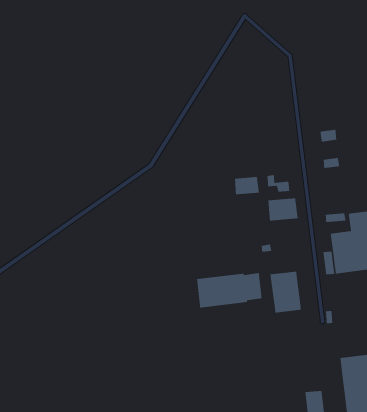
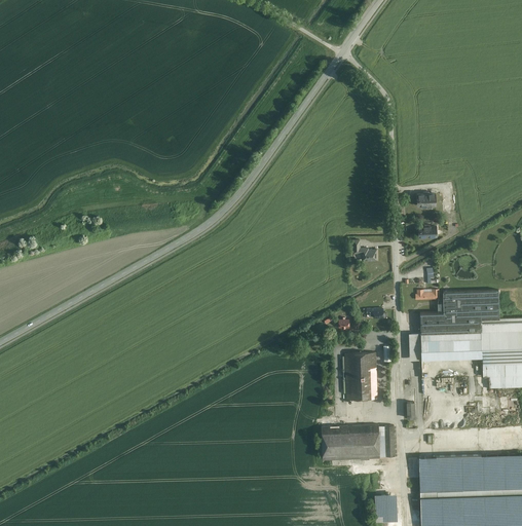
building: [234,176,260,195] -> none
building: [267,197,298,221] -> none
building: [196,272,263,308] -> [322,424,397,461]

